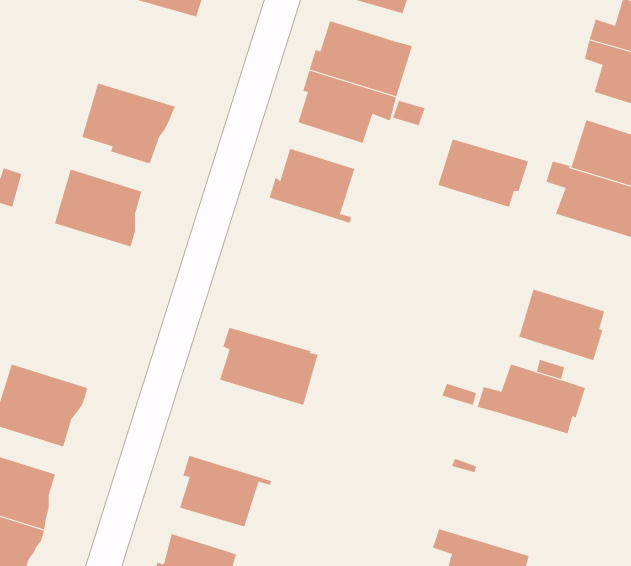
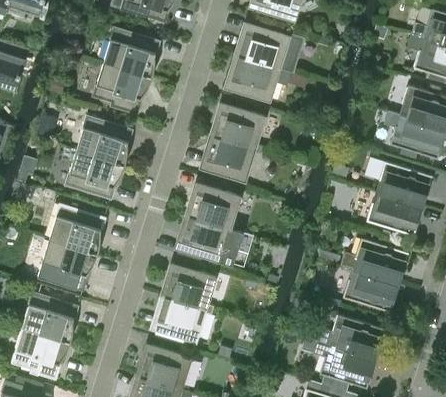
building: none -> [103,28,159,77]
building: [438,139,529,208] -> [375,162,432,205]
building: none -> [204,134,261,180]
building: none -> [65,150,124,198]
building: none -> [185,184,240,230]
building: none -> [49,204,104,253]
building: none -> [160,264,215,311]
building: none -> [342,268,397,312]
building: none -> [316,315,385,358]

